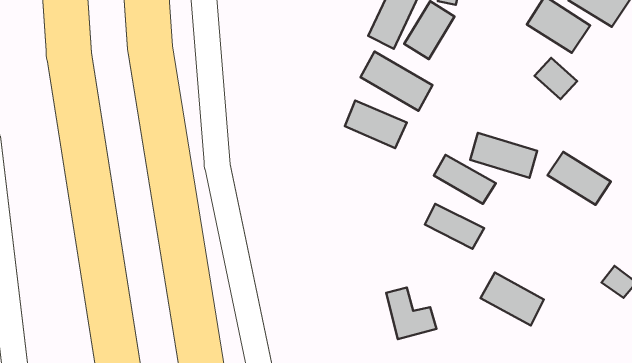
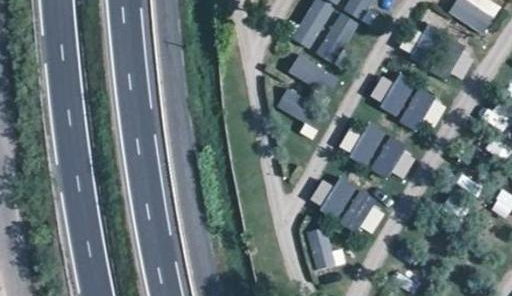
building: [548,152,611,205] -> [381,72,430,113]
building: [481,272,544,325] -> [313,190,362,231]

